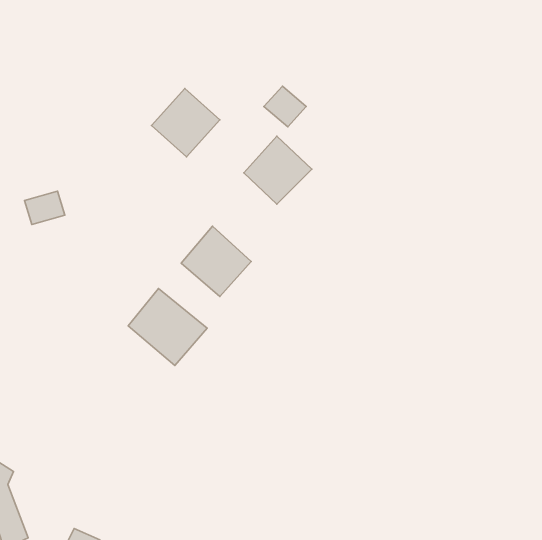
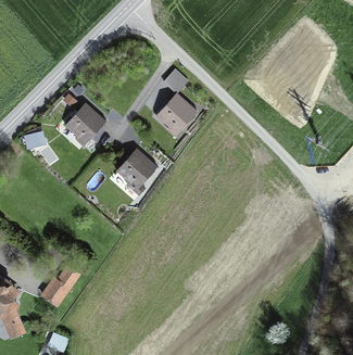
building: [152,89,220,157] -> [64,103,104,143]
building: [128,288,207,366] -> none
building: none -> [43,265,79,303]

